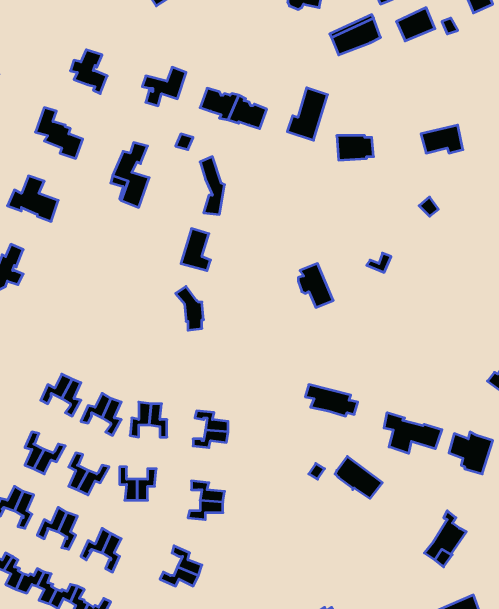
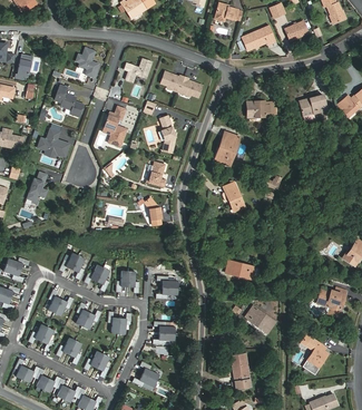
building: [287,88,328,140] -> [214,133,239,166]
building: [384,413,442,453] -> none
building: none -> [231,354,251,389]

